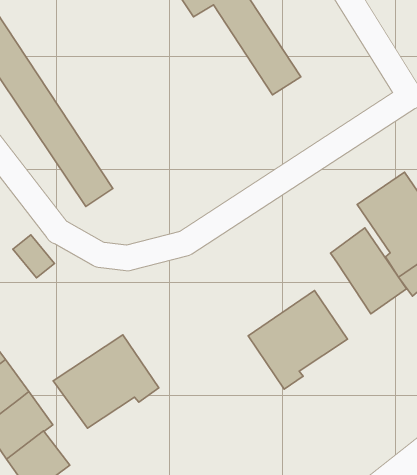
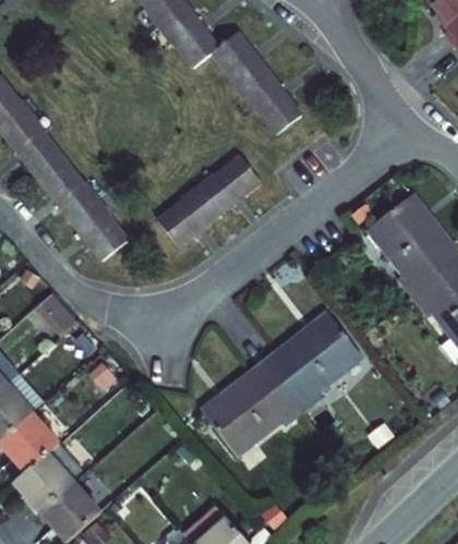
building: none -> [157,152,260,241]
building: [330,228,406,314] -> none
building: [53,335,159,428] -> [204,370,308,463]

